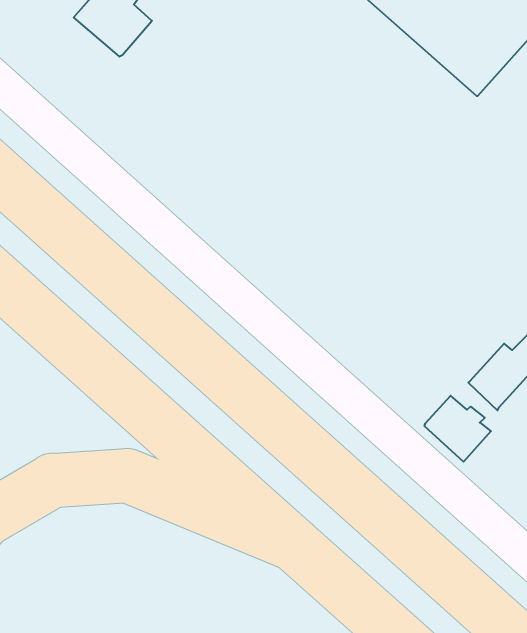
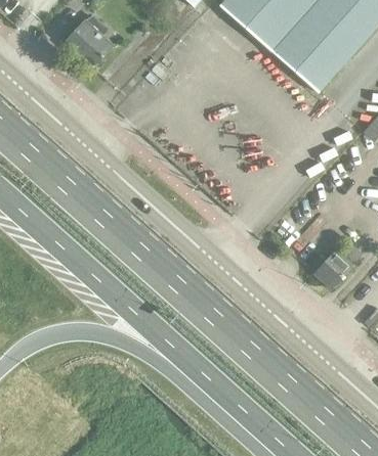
building: [425,396,491,462] -> none

